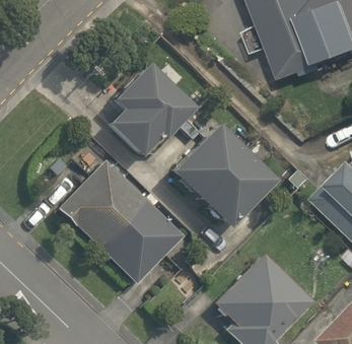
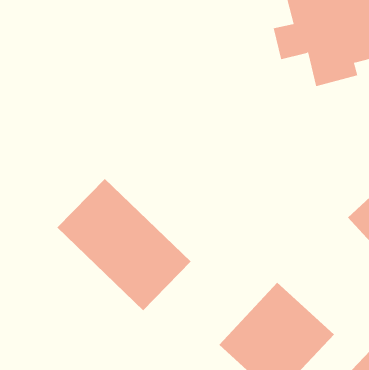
building: [107,63,190,157] -> none
building: [164,121,268,223] -> none

